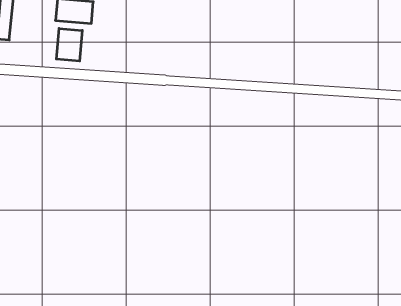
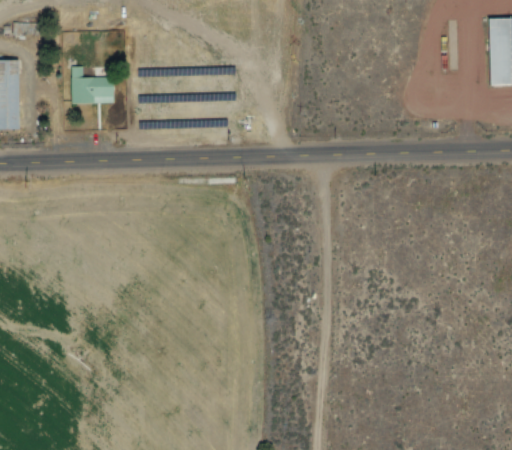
building: [56,28,82,61] -> none

